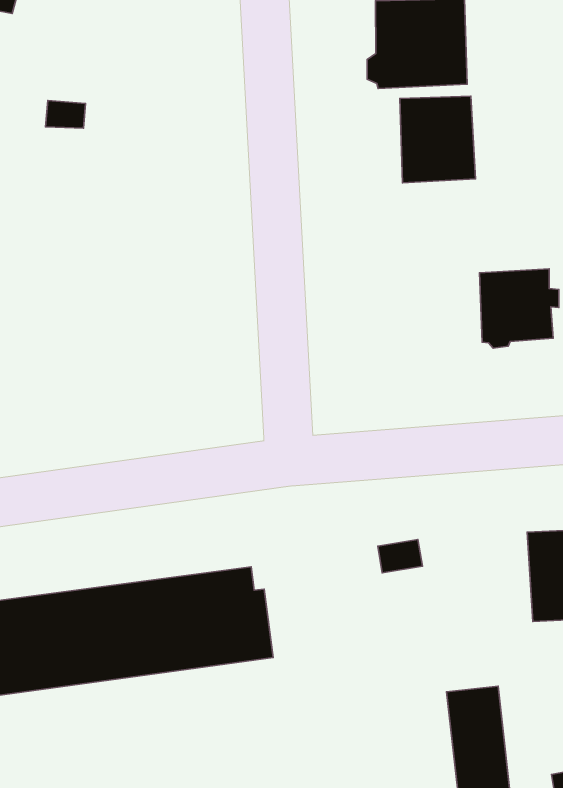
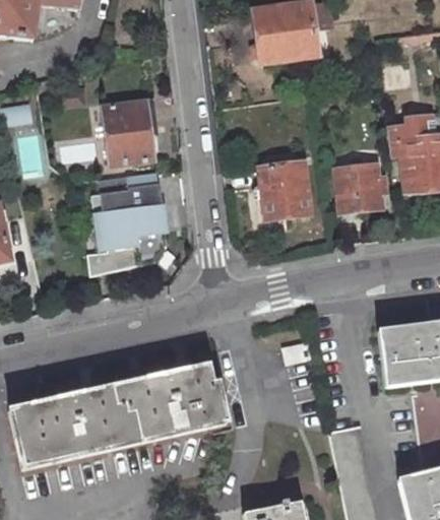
building: [400,96,475,183] -> [259,164,310,220]
building: none -> [100,101,153,162]
building: none -> [90,170,174,269]

